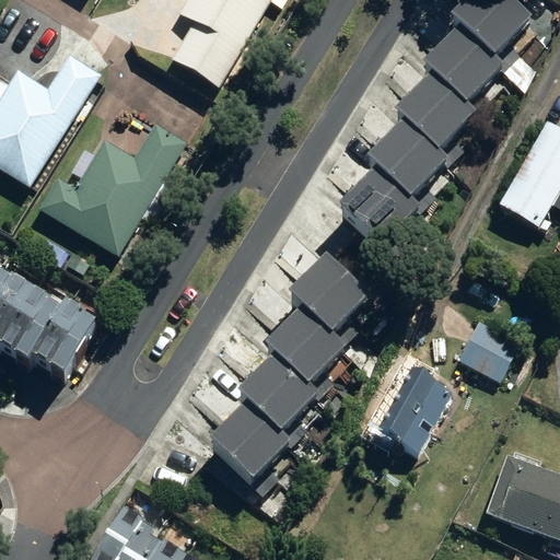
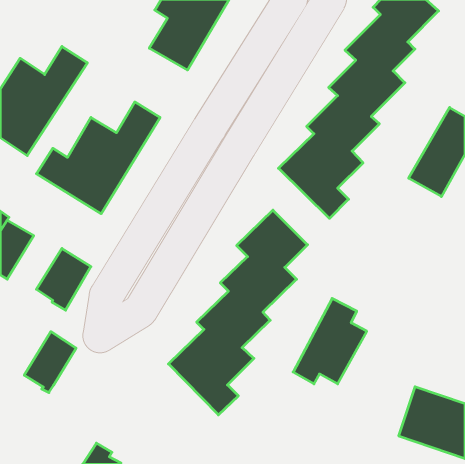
building: [9,283,71,357] -> [24,332,76,393]
building: [453,327,516,388] -> none

